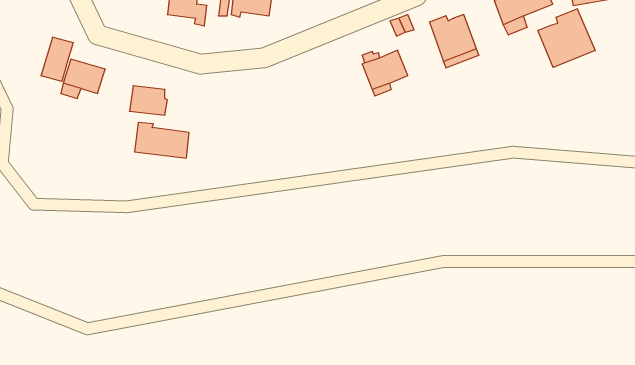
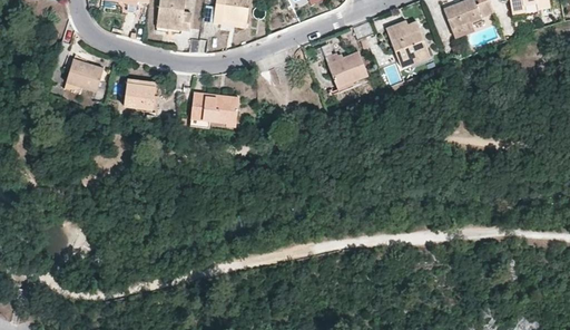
building: [538,9,595,67] -> none
building: [41,37,73,81] -> none
building: [134,122,189,158] -> [191,91,239,123]

